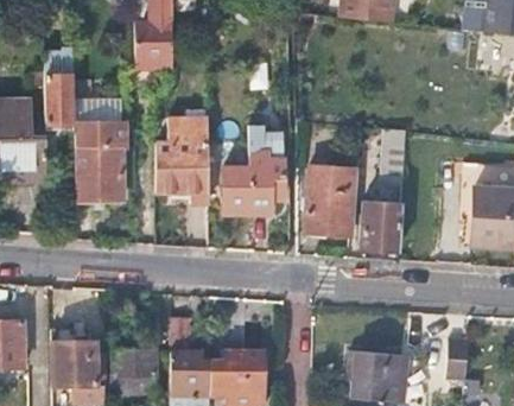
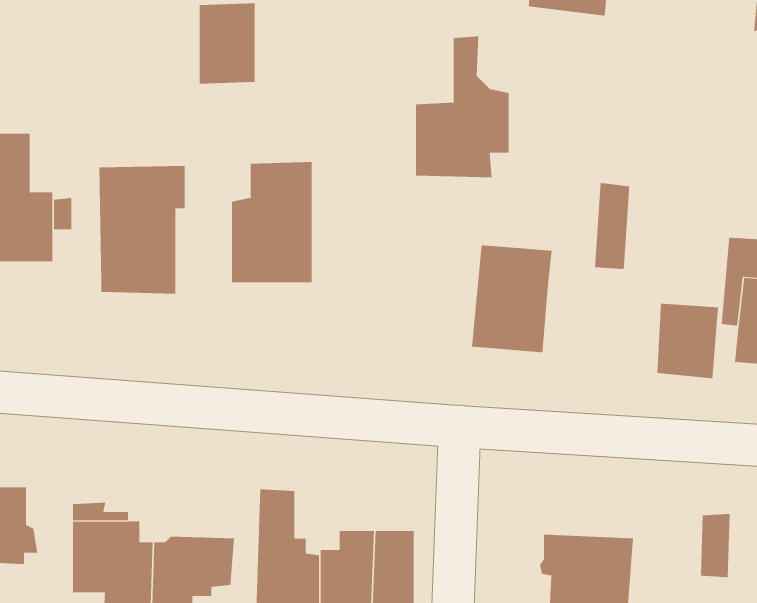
building: [43,59,71,129] -> none
building: [222,123,281,212] -> [415,36,510,178]
building: [361,202,400,249] -> [656,303,719,379]

